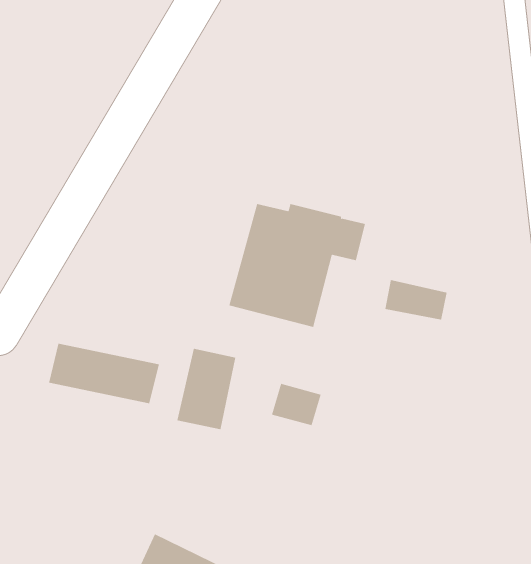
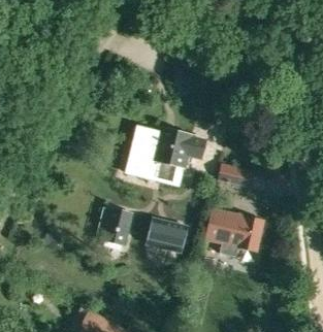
building: [48,343,159,404] -> none
building: none -> [205,213,263,255]

